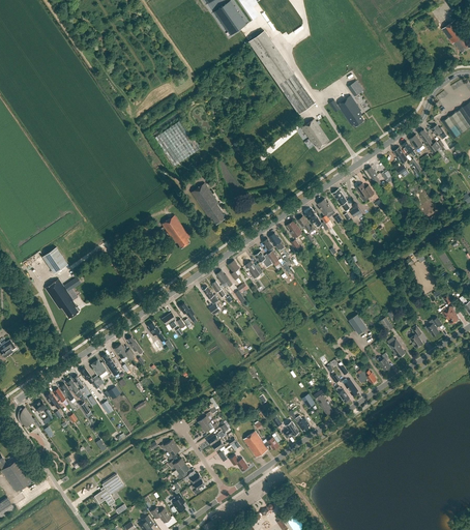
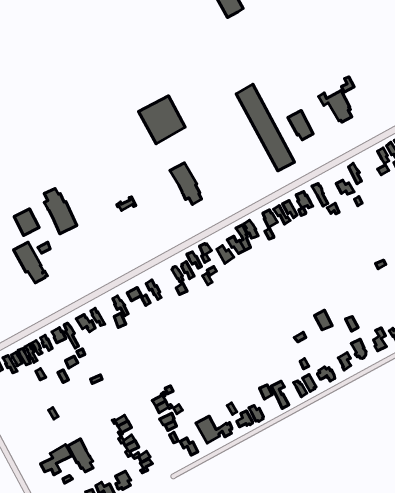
building: [248,30,314,113] -> [236,84,295,171]
building: [161,215,189,247] -> none
building: none -> [44,188,77,234]
building: none -> [68,439,93,472]

